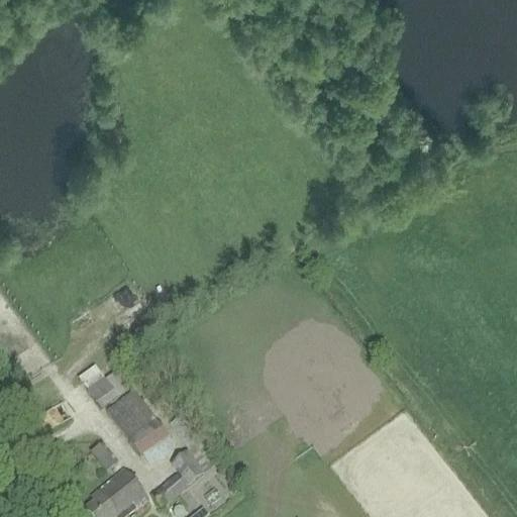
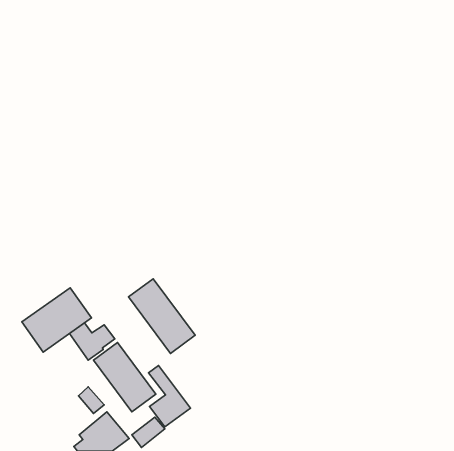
building: none -> [129,279,195,353]
building: none -> [22,288,92,352]

